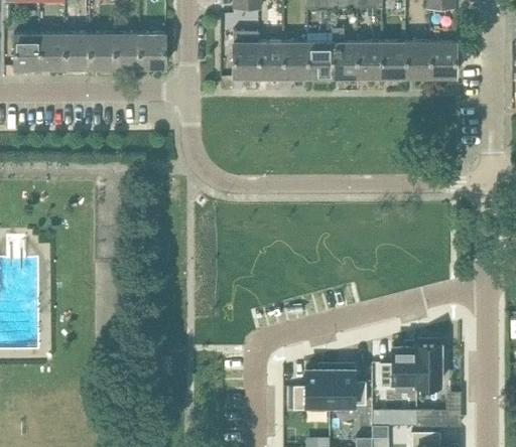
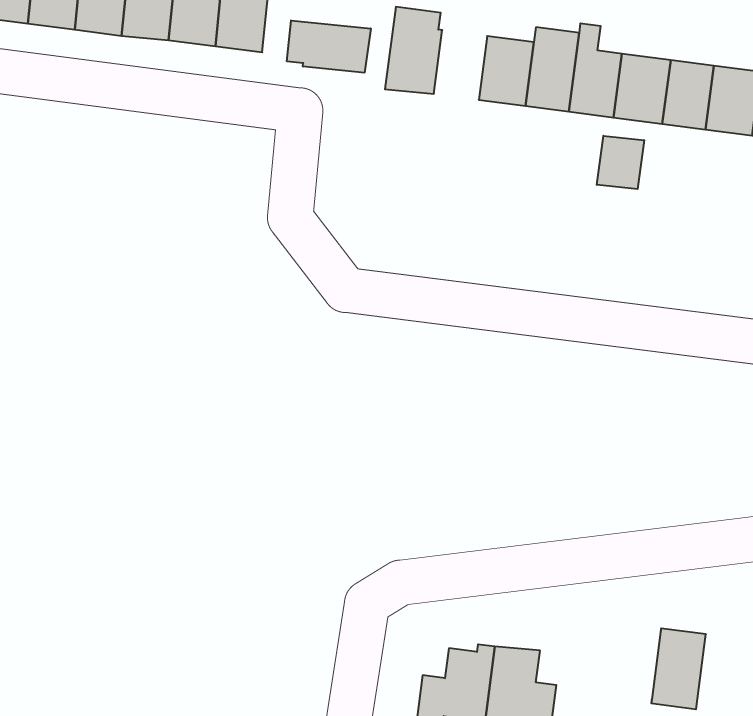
building: [260,44,284,79] -> none
building: none -> [287,20,371,73]
building: none -> [597,136,644,189]
building: [381,347,417,388] -> none

